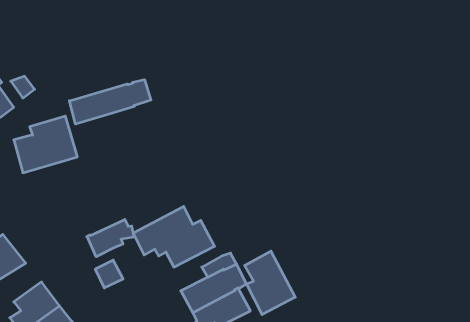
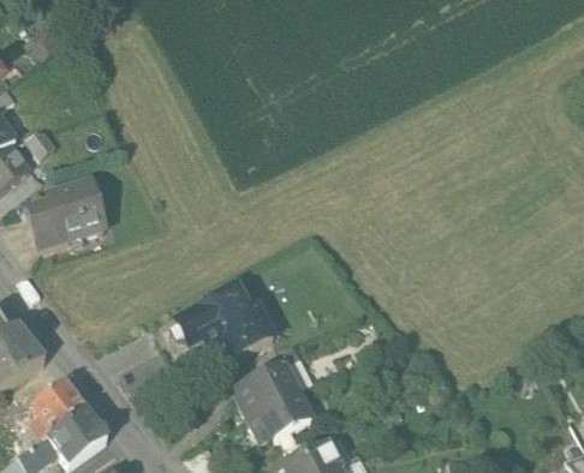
building: [69,80,151,124] -> none
building: [87,219,134,257] -> none
building: [245,251,295,315] -> none

